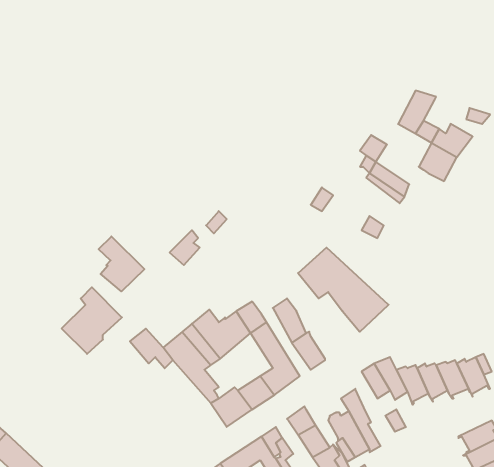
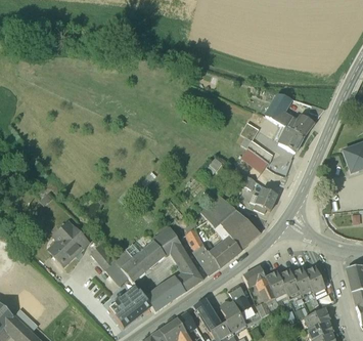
building: none -> [251,187,277,214]
building: [99,236,144,291] -> none
building: none -> [210,237,241,267]
building: none -> [109,287,151,327]

